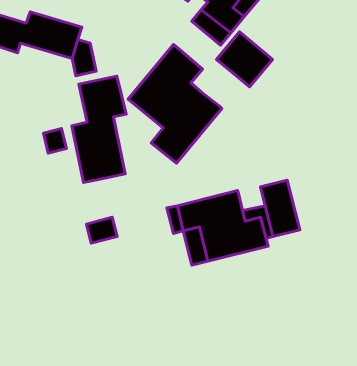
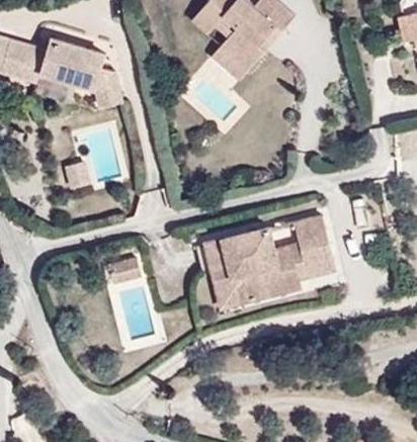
building: [217,32,272,87] -> none
building: [128,45,222,163] -> none
building: [72,76,126,183] -> none

